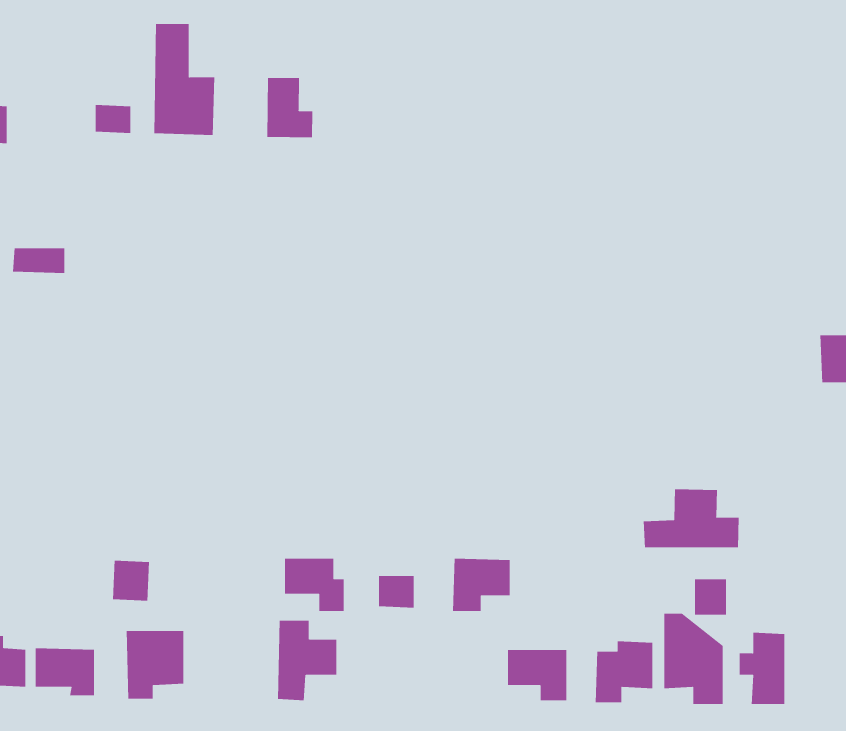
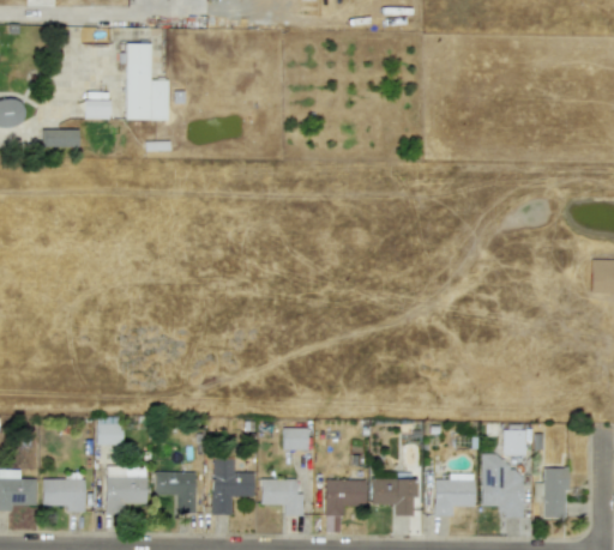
building: [267,77,313,138] -> none
building: [12,248,65,274] -> [42,128,79,146]
building: [643,489,739,548] -> none
building: [284,558,344,611] -> [261,478,303,515]
building: [452,558,511,611] -> [325,478,366,515]
building: none -> [156,471,197,512]

